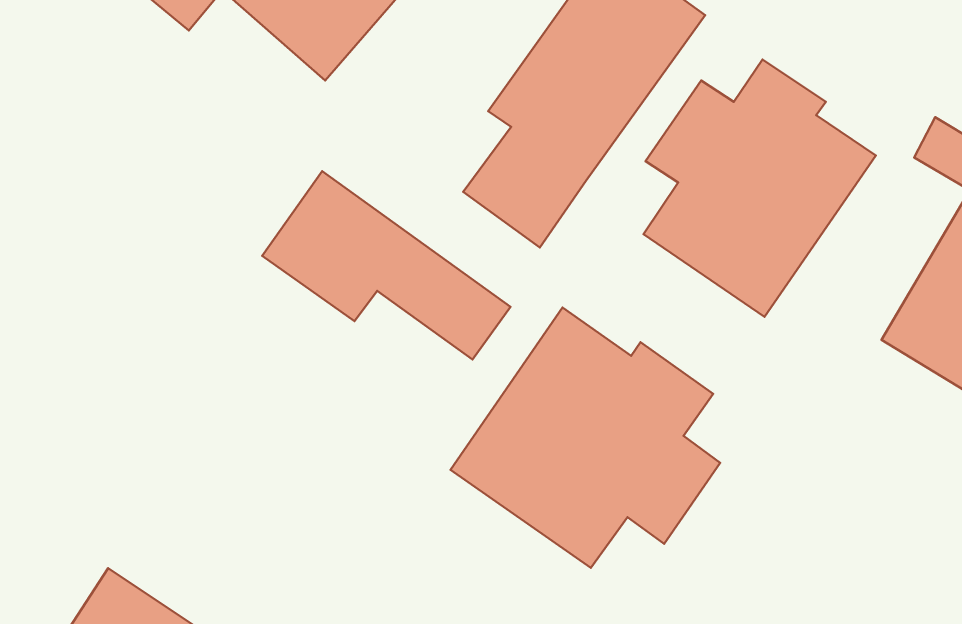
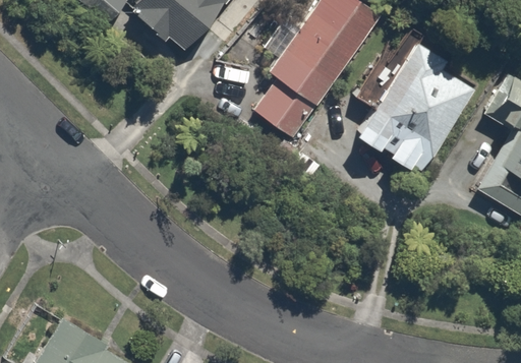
building: [262,171,510,359] -> none
building: [450,308,720,568] -> none

